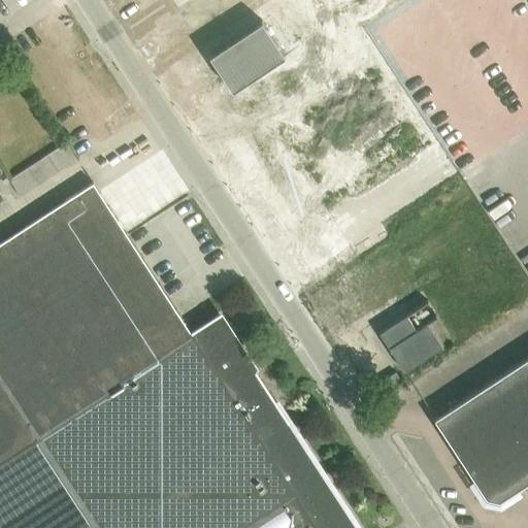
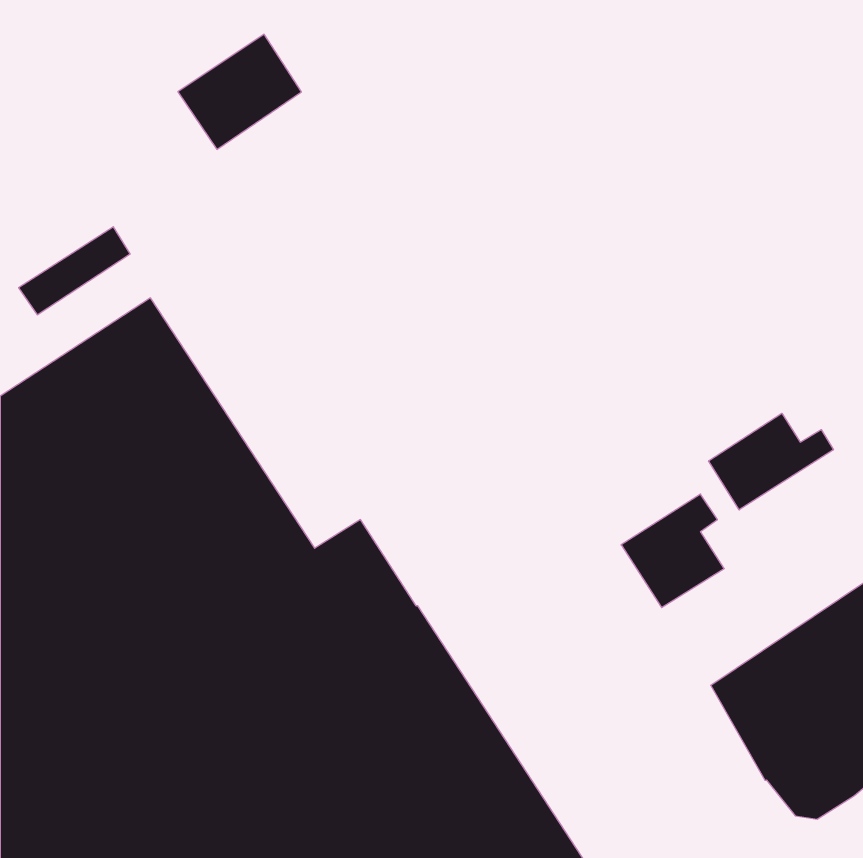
building: [209,24,285,94] -> [178,34,301,149]
building: none -> [709,413,833,510]

